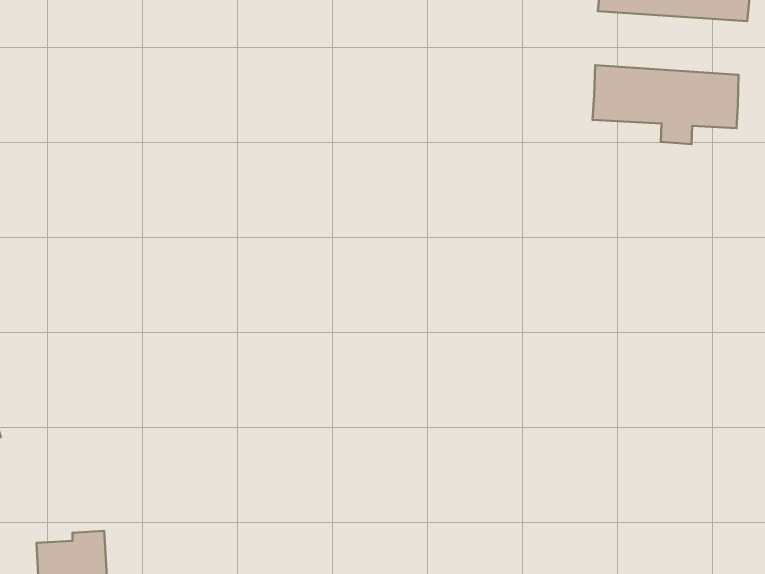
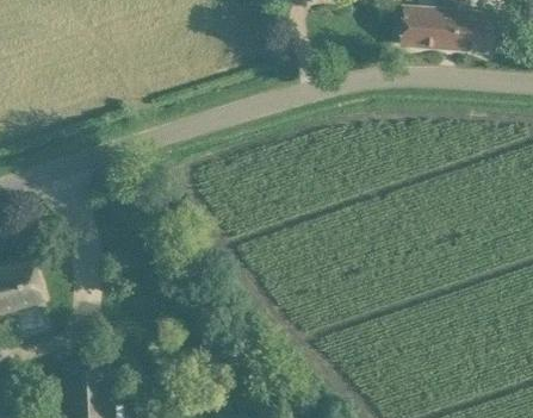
building: [593,65,739,144] -> none

